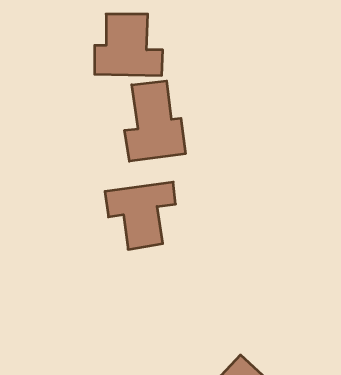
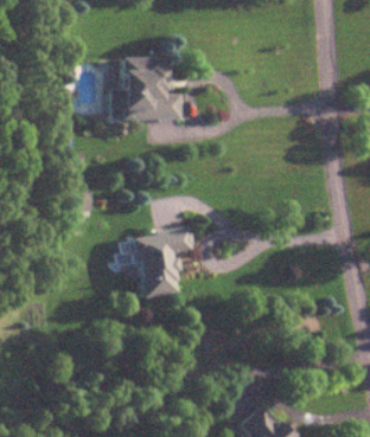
building: [125,81,185,161] -> none

